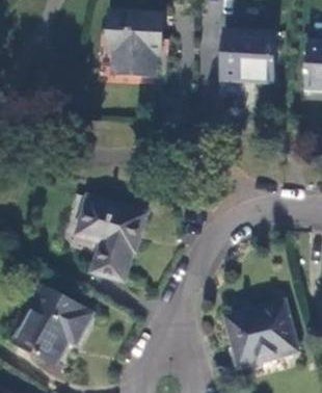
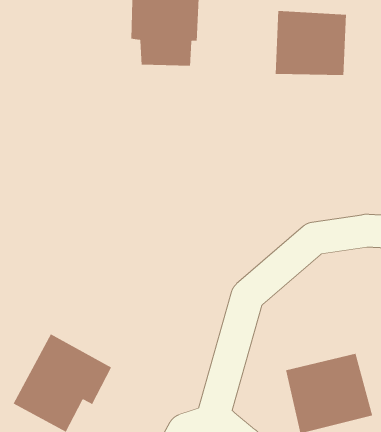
building: [76,194,146,280] -> none

